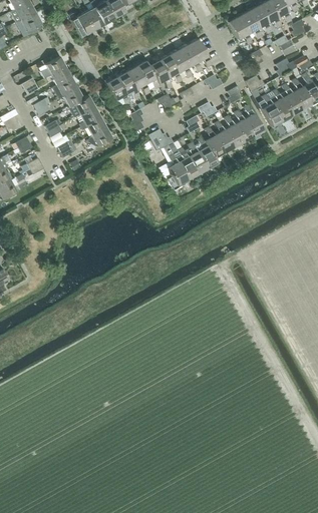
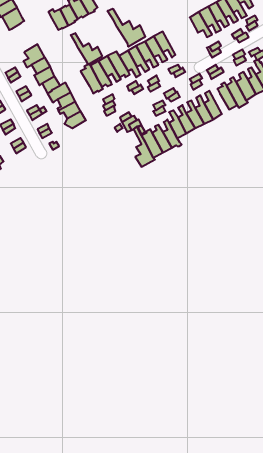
building: none -> [108,9,145,47]
building: none -> [71,33,102,65]

